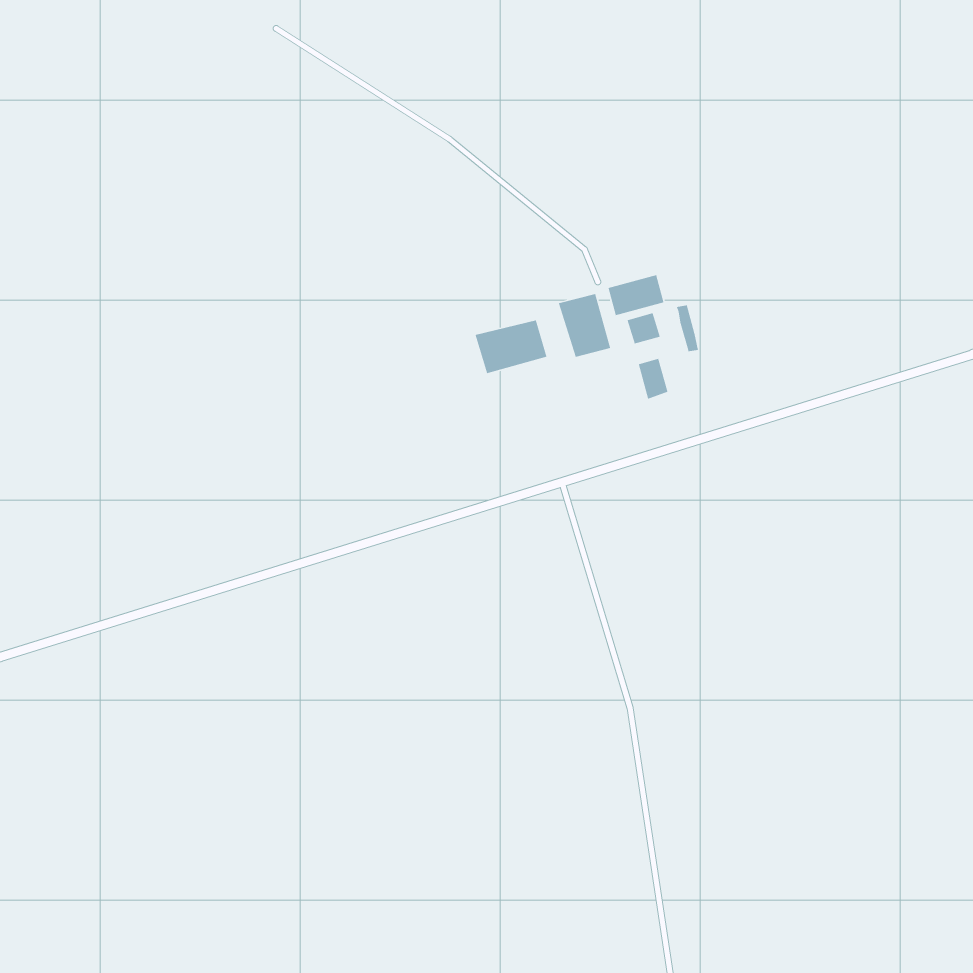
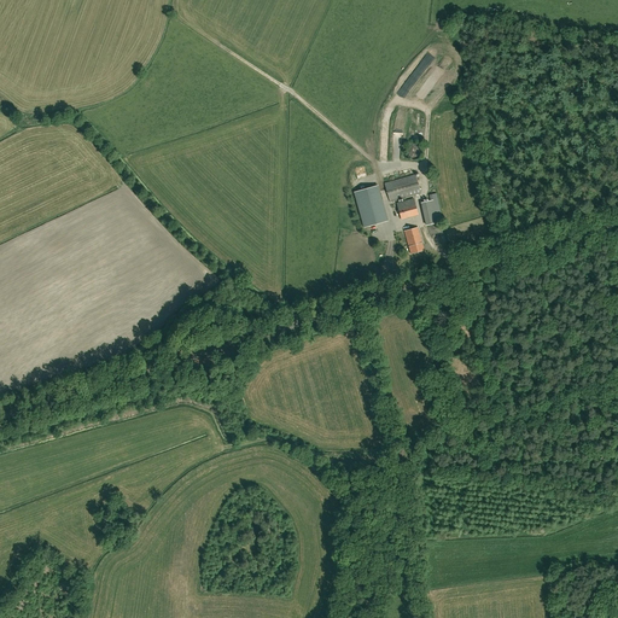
building: [474,319,547,374] -> none

